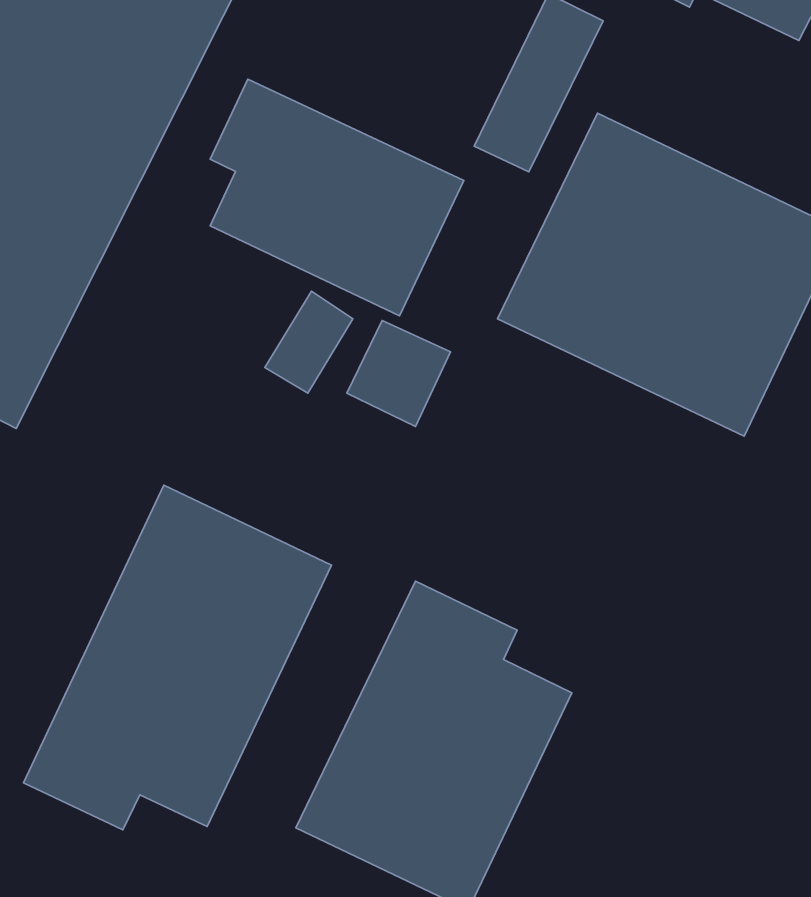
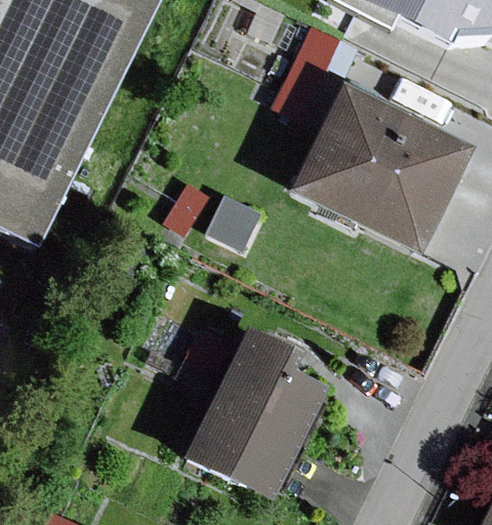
building: [210,79,464,316] -> none
building: [23,485,332,830] -> none

